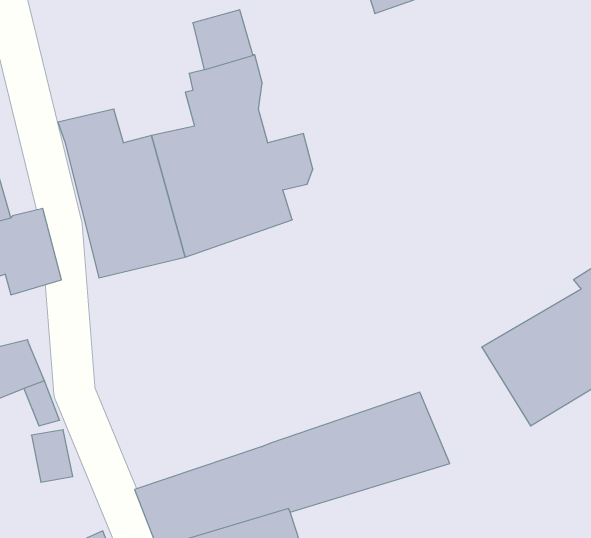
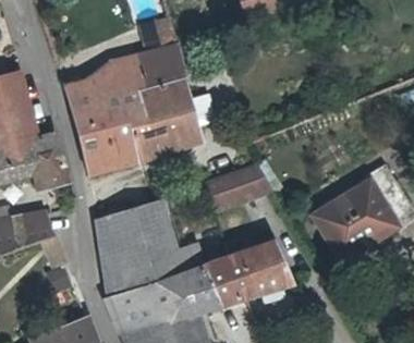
building: none -> [96,57,143,97]
building: none -> [202,160,272,210]
building: none -> [95,201,182,298]

